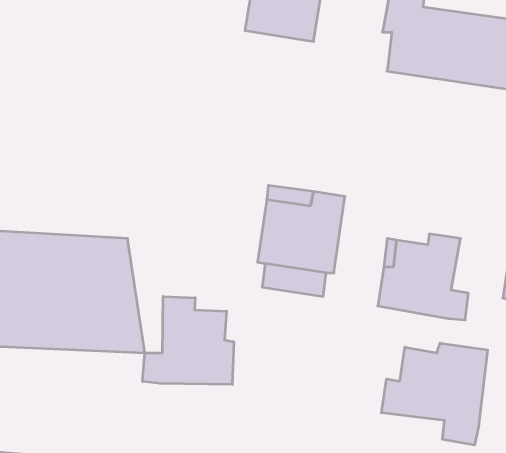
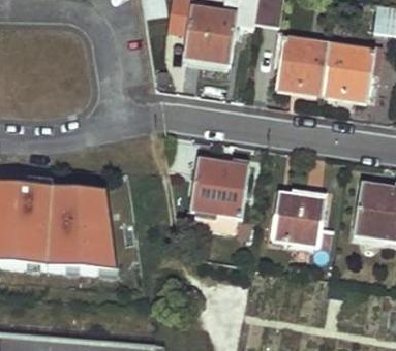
building: [143,296,234,385] -> none
building: [381,343,488,445] -> none

